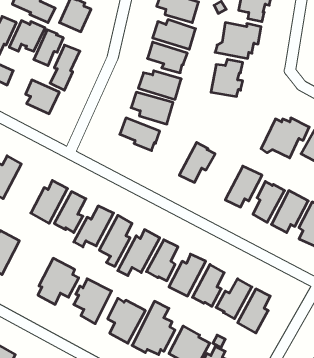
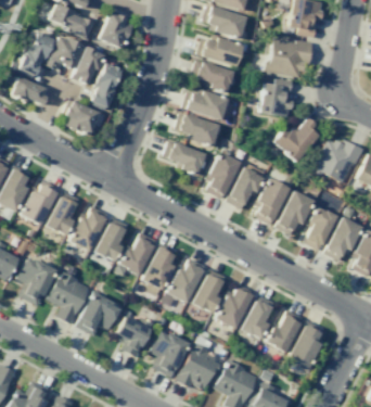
building: none -> [273,118,320,163]
building: none -> [206,152,241,199]
building: none -> [255,178,290,225]
building: none -> [44,191,78,234]
building: none -> [47,270,90,325]

